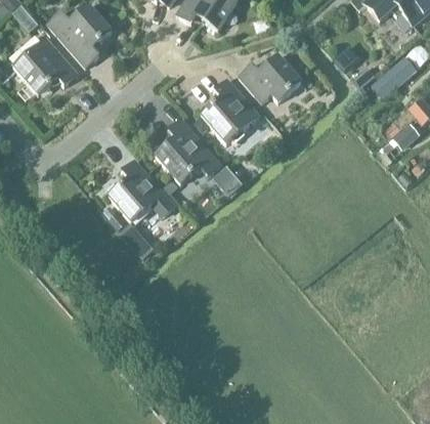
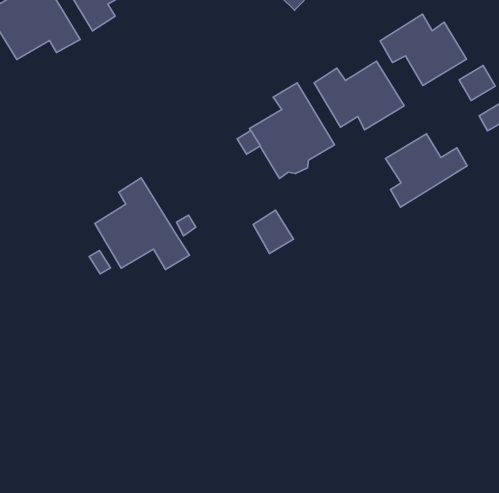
building: none -> [380,14,467,85]
building: none -> [386,134,467,207]
building: [155,119,221,184] -> none

